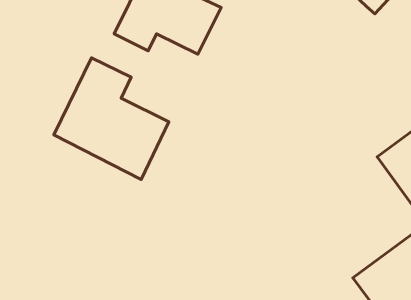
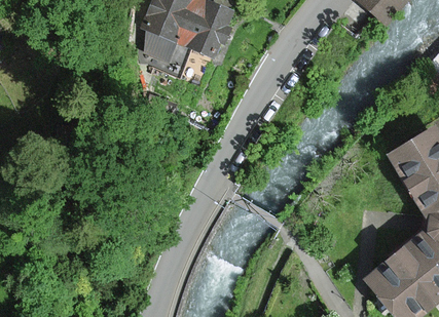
building: [54,58,169,180] -> none

